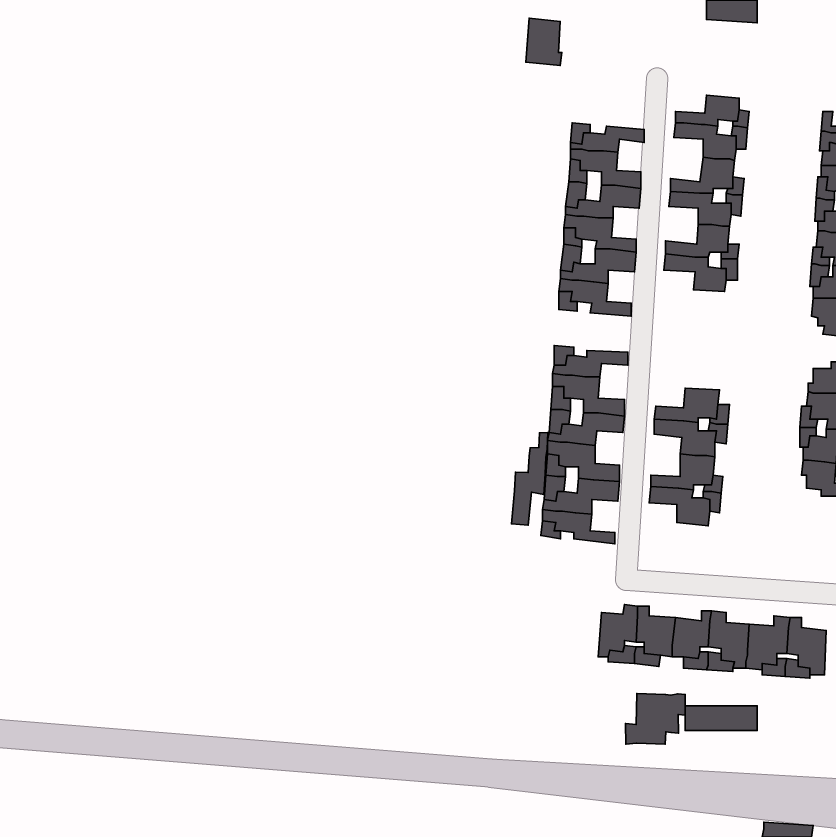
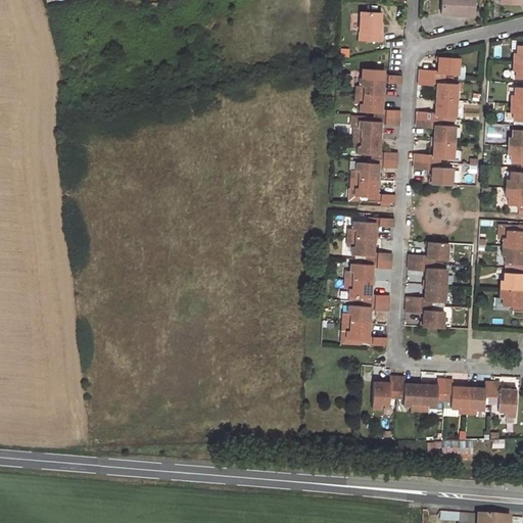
building: [526,18,562,66] -> [360,9,382,39]
building: [511,433,548,525] -> none
building: [626,694,685,744] -> none

